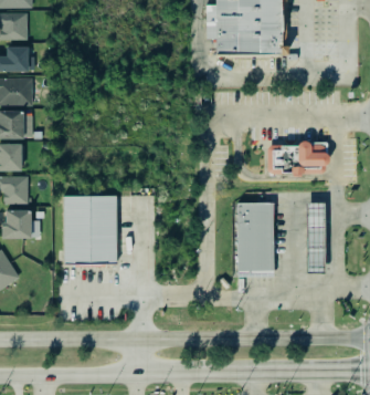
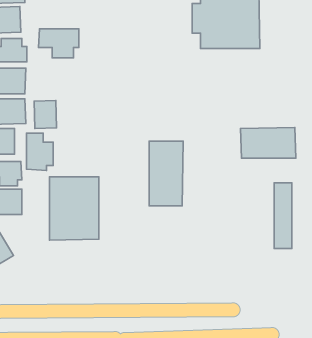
building: none -> [38,29,79,58]
building: none -> [34,100,56,128]
building: none -> [27,133,53,171]
building: [234,201,271,271] -> [149,141,183,206]

